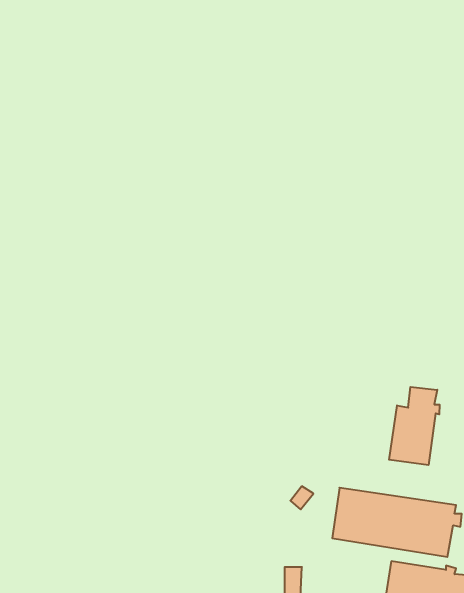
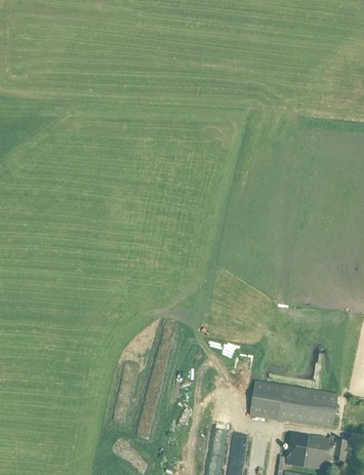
building: [389,387,440,465] -> none

